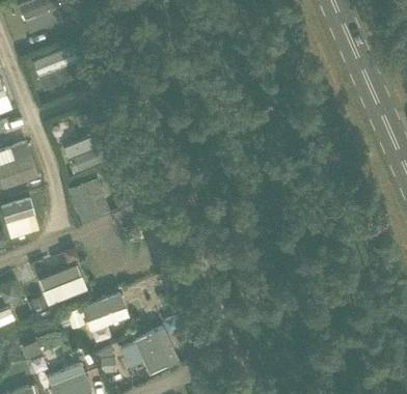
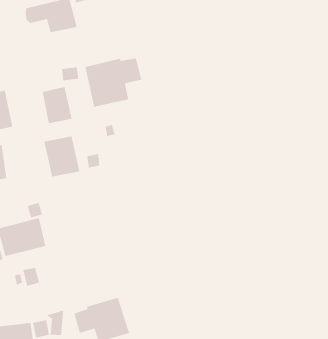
building: none -> [85,57,142,108]
building: [79,289,129,341] -> none

